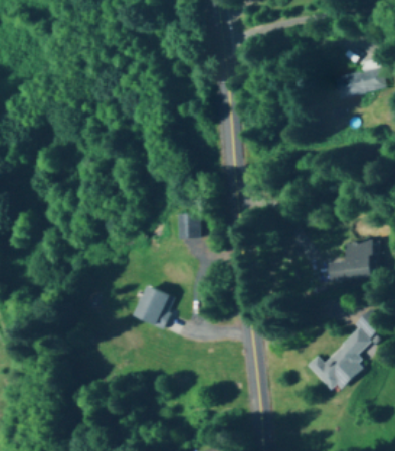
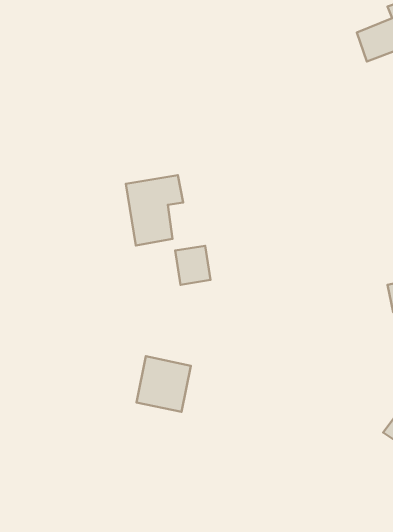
building: none -> [126,175,183,245]

